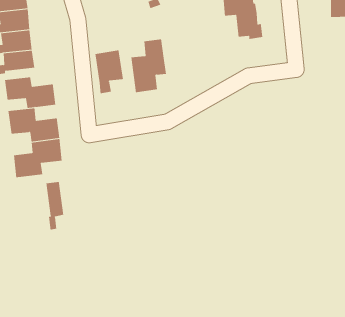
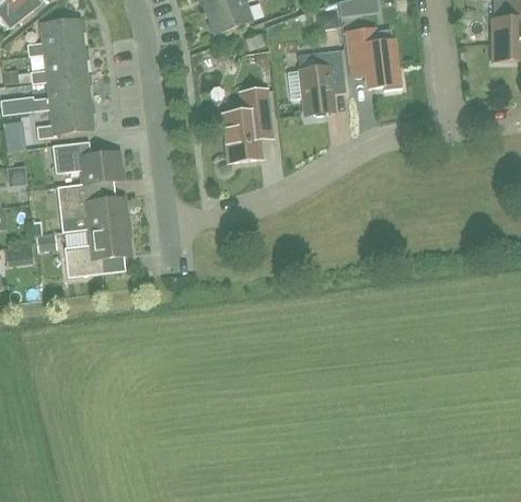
building: none -> [287,49,344,115]
building: [95,50,123,94] -> none
building: [46,181,64,230] -> none

